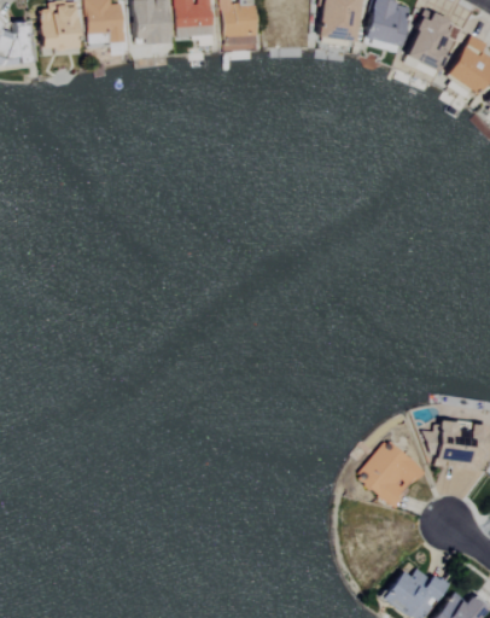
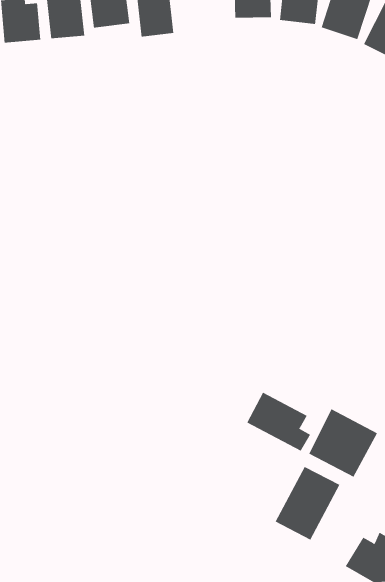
building: none -> [246,392,311,451]
building: none -> [275,466,340,540]

